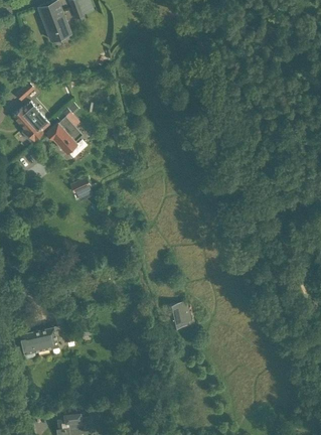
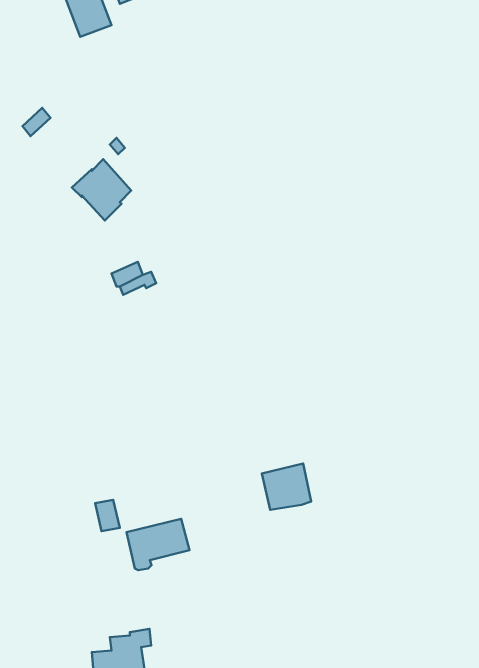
building: [12,103,48,142] -> none
building: [19,327,57,358] -> [127,519,189,570]

